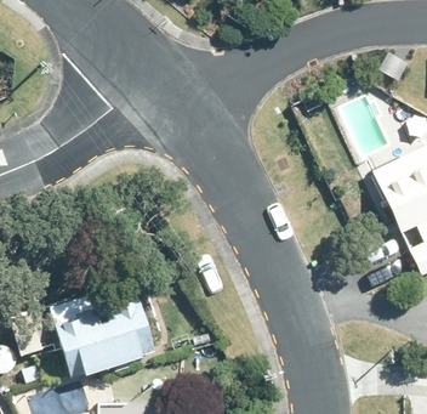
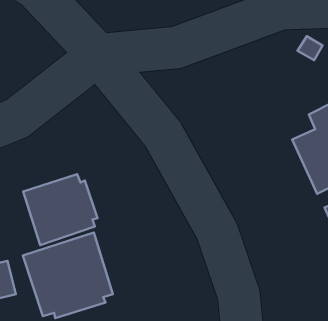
building: none -> [23,174,97,245]

